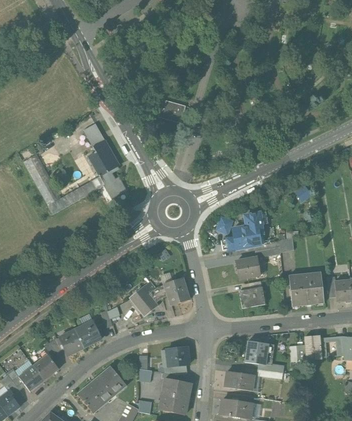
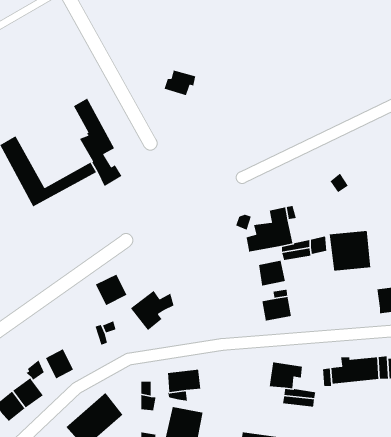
building: [288,271,323,305] -> [329,230,371,271]
building: [163,277,189,302] -> none
building: [75,320,102,347] -> [95,273,128,306]
building: [224,370,253,390] -> none

